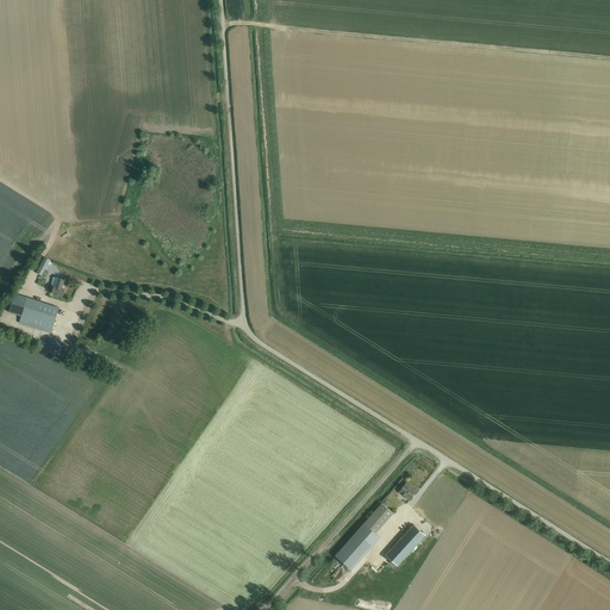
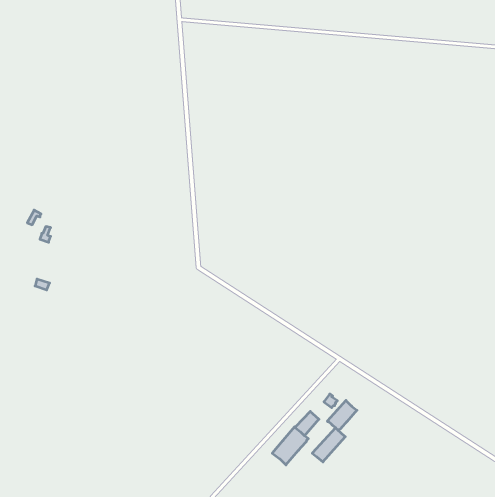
building: [17,298,56,332] -> none
building: none -> [328,400,357,431]

